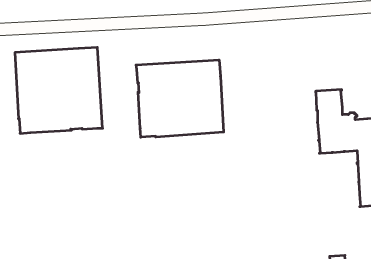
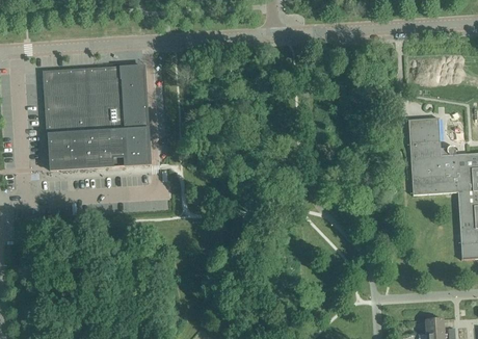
building: [136,60,224,137] -> none

